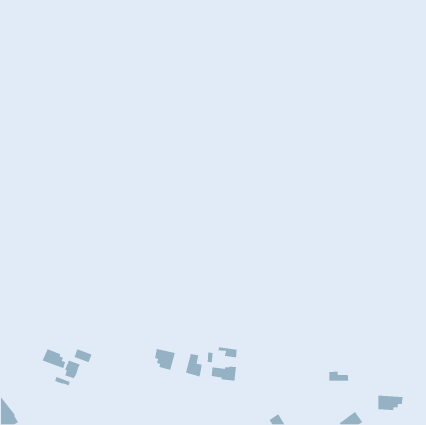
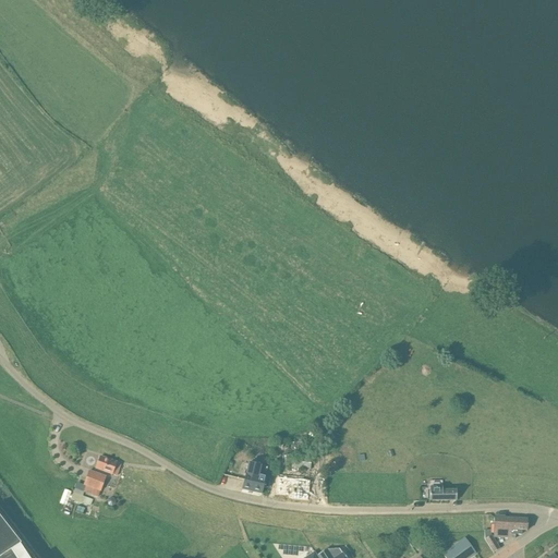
building: [41,348,66,369] -> none
building: [154,348,176,371] -> none

